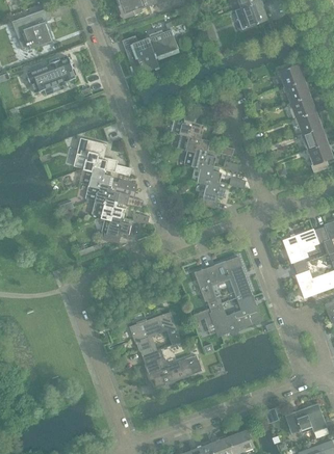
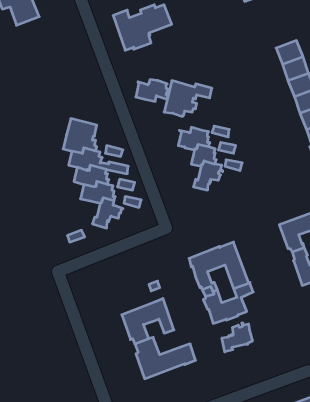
building: [25,57,75,92] -> none
building: [177,131,208,152] -> [136,80,168,101]
building: none -> [222,323,252,352]

